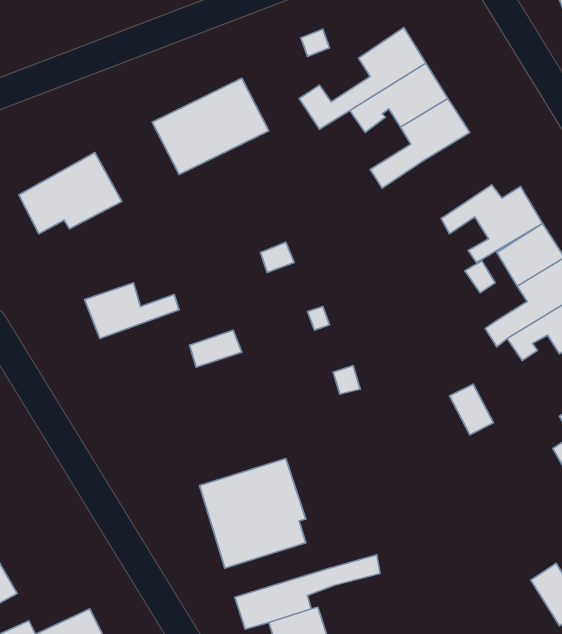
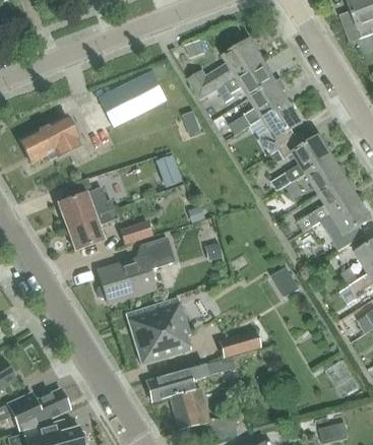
building: none -> [260,102,302,153]
building: none -> [66,208,118,250]
building: none -> [97,236,174,302]
building: none -> [219,329,261,358]

